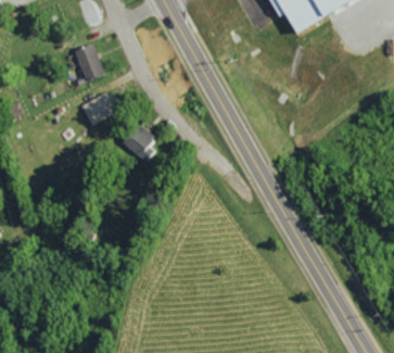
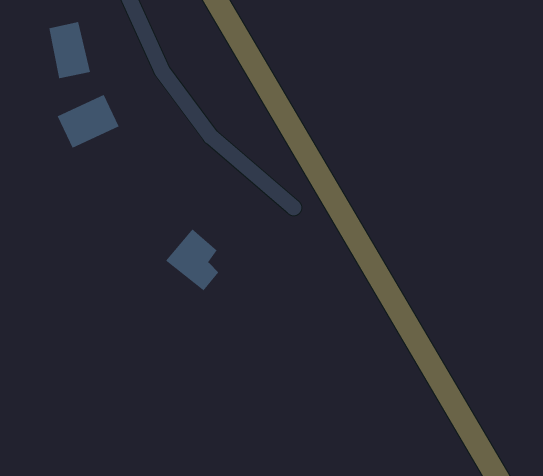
building: [119,123,154,163] -> [165,228,219,291]

